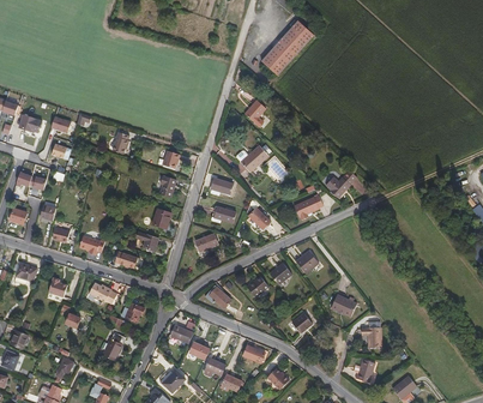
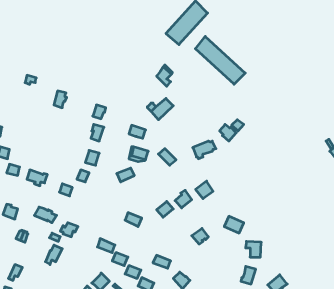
building: none -> [195,36,245,84]

